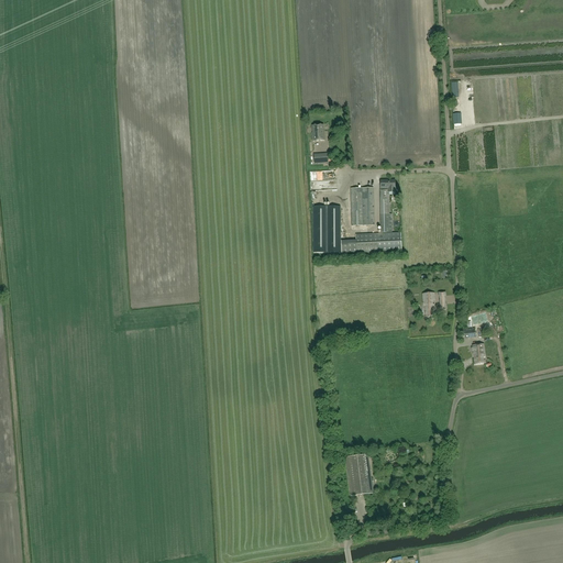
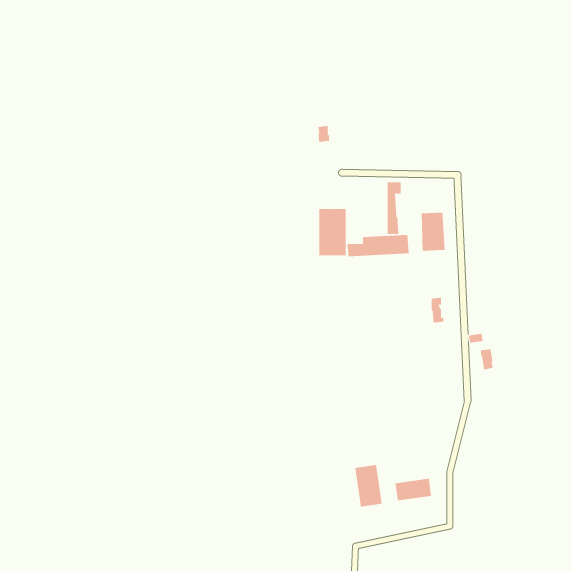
building: [350,186,374,224] -> [421,212,445,251]
building: none -> [395,478,432,501]

